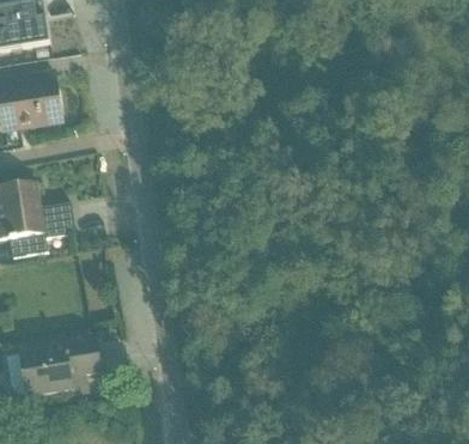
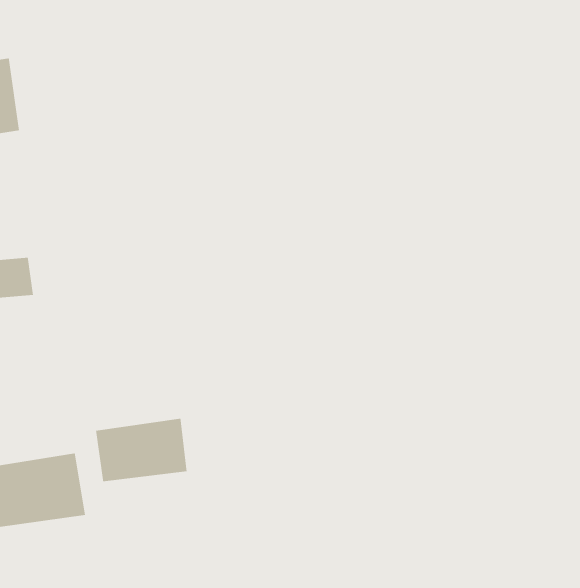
building: none -> [95,418,187,482]

